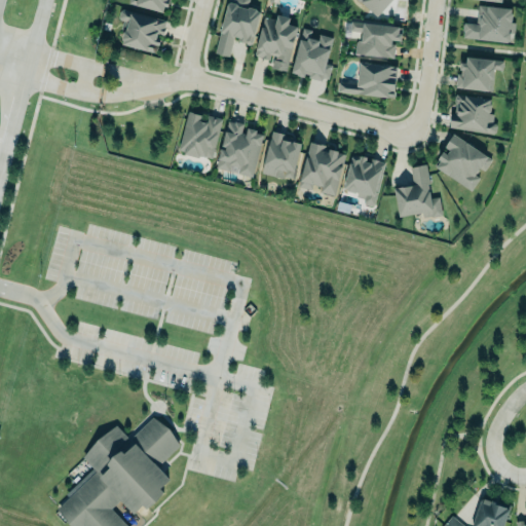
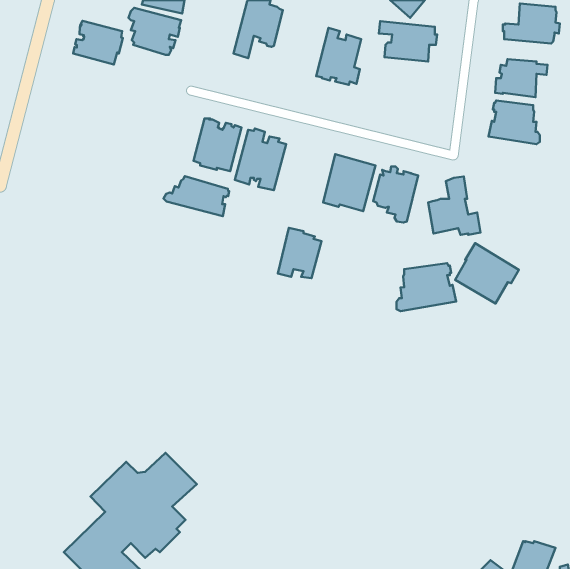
building: [256,16,296,73] -> none
building: none -> [73,21,123,64]
building: [338,65,398,99] -> none
building: [262,133,302,179] -> [278,228,321,278]
building: [434,136,492,191] -> [455,243,519,303]
building: none -> [164,176,229,216]
building: none -> [397,263,456,311]

